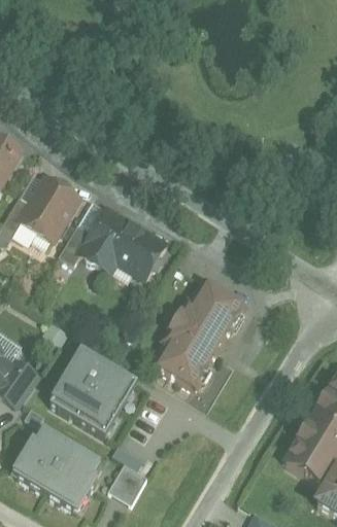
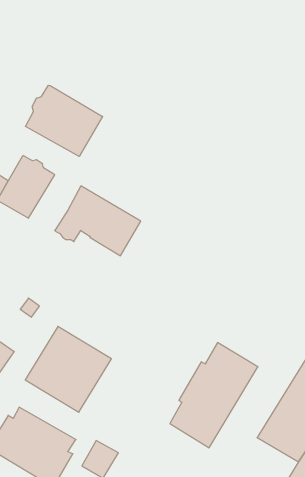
building: none -> [25,85,103,156]
building: [58,220,92,261] -> none
building: [155,279,244,386] -> [170,343,258,448]

